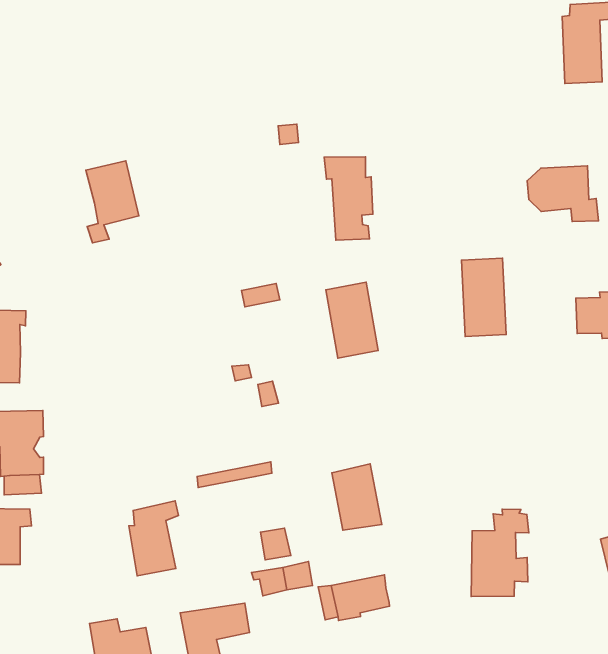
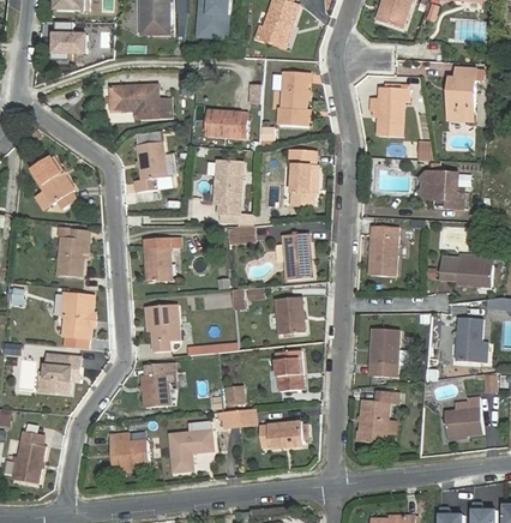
building: none -> [277,71,308,125]
building: none -> [377,86,408,137]
building: none -> [110,84,170,116]
building: none -> [206,109,241,138]
building: none -> [216,162,240,211]
building: none -> [144,236,180,282]
building: none -> [276,296,303,333]
building: none -> [145,303,180,351]
building: none -> [369,327,398,377]

